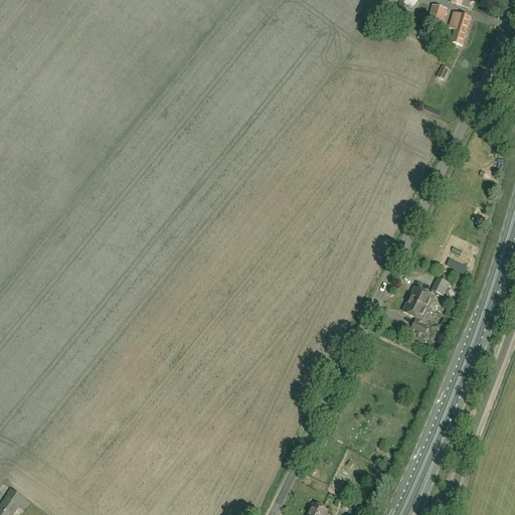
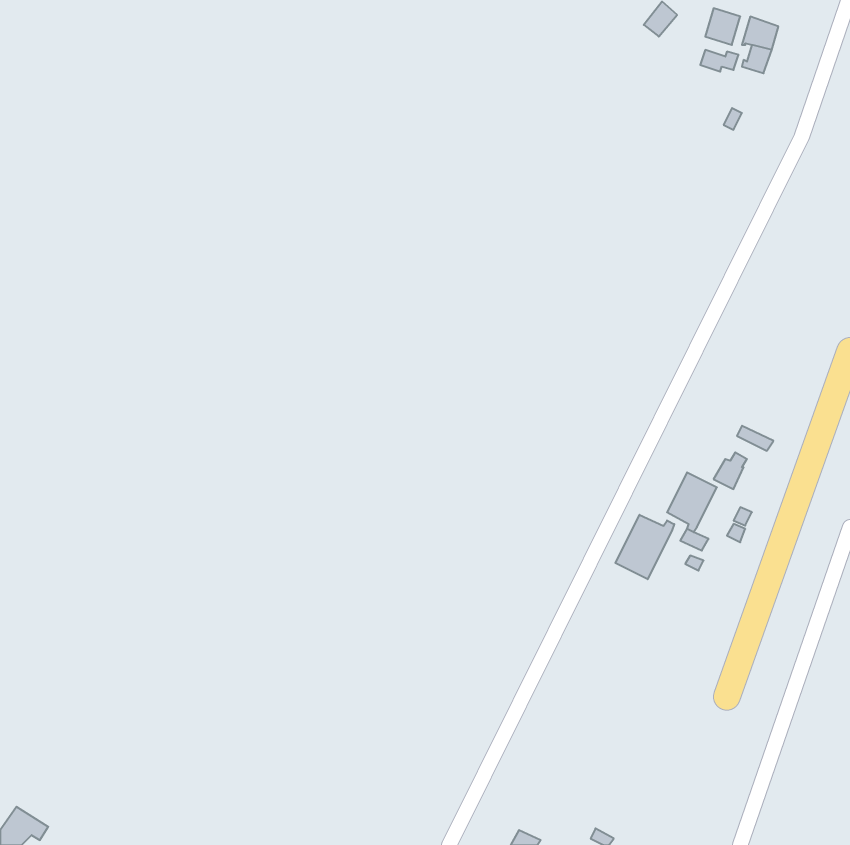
building: none -> [615,515,674,579]

